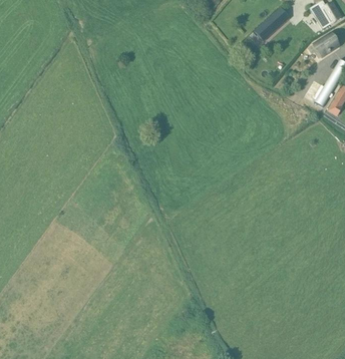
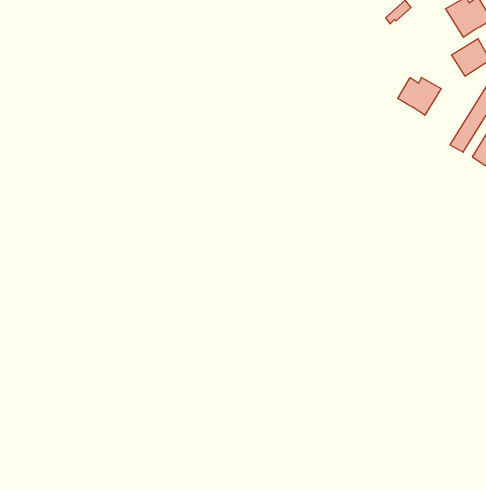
building: none -> [398,77,441,115]

